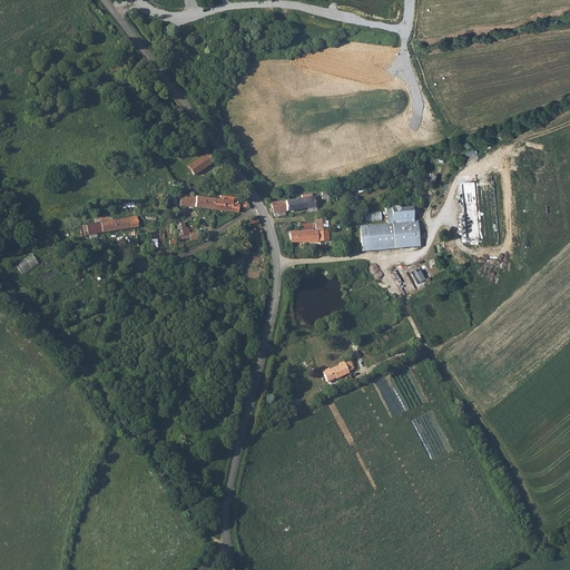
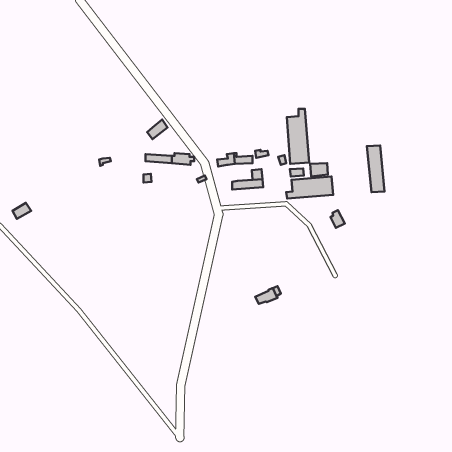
building: none -> [287,109,309,164]
building: [85,214,140,236] -> none

